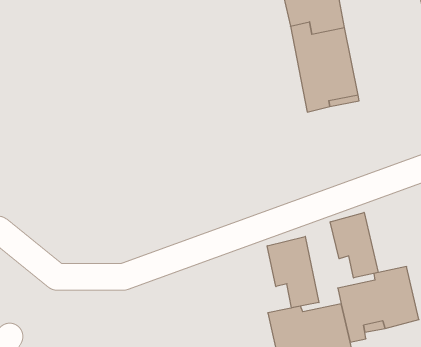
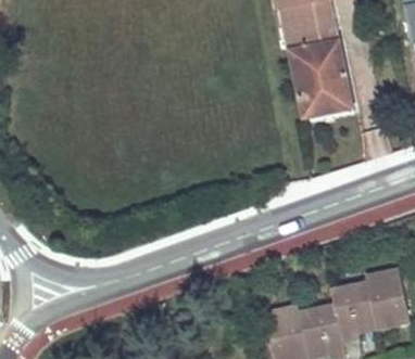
building: [330,212,378,278] -> none
building: [267,236,319,308] -> none

